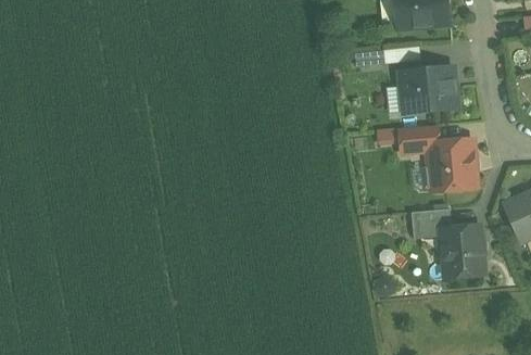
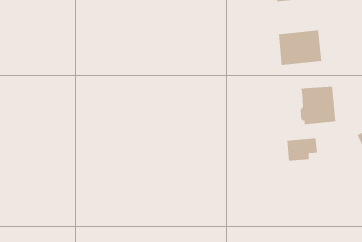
building: [400,125,438,154] -> none
building: [441,225,484,277] -> none

